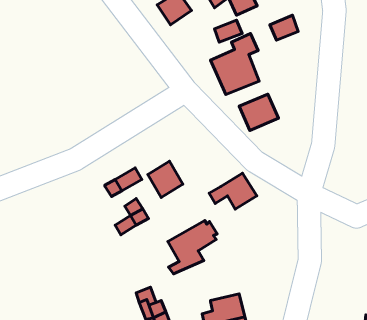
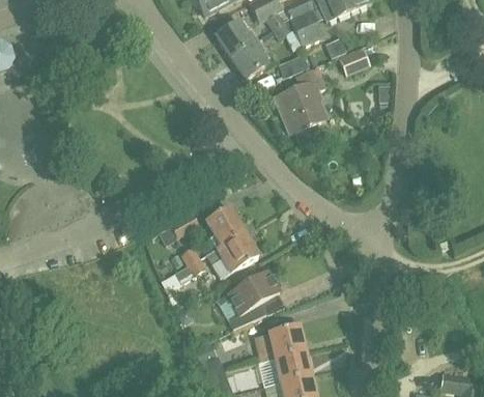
building: none -> [230,41,267,79]
building: [239,94,279,130] -> none
building: [209,173,257,209] -> [207,230,259,270]
building: none -> [259,324,305,361]

